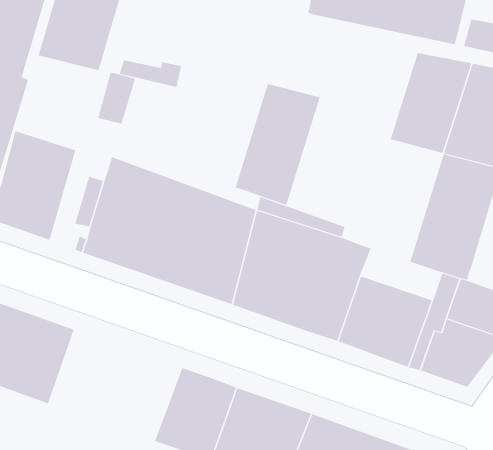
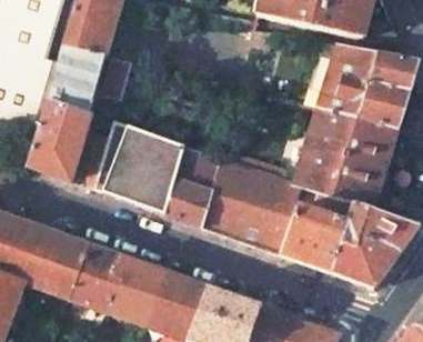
building: none -> [44,44,105,113]
building: [235,84,321,206] -> [293,105,355,194]
building: none -> [69,243,165,324]

